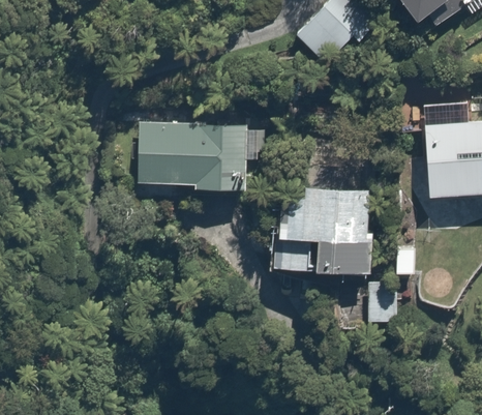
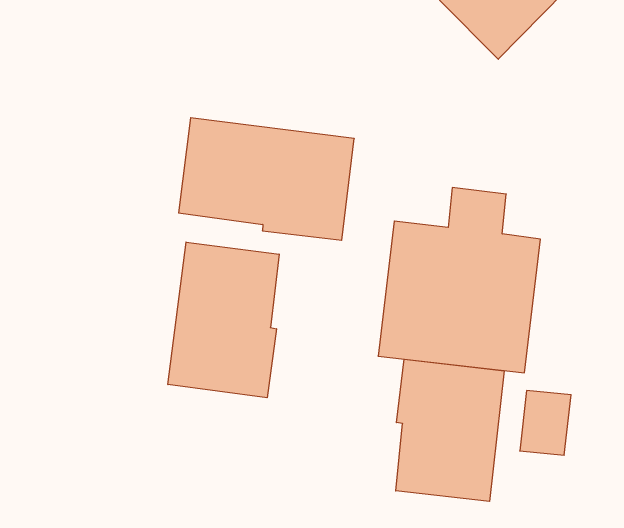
building: none -> [168,242,279,398]
building: none -> [396,359,504,501]

